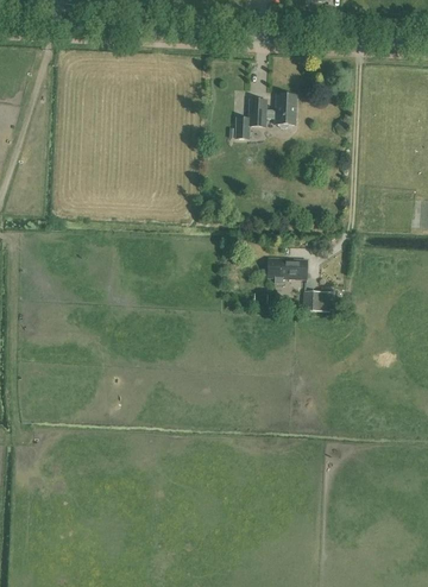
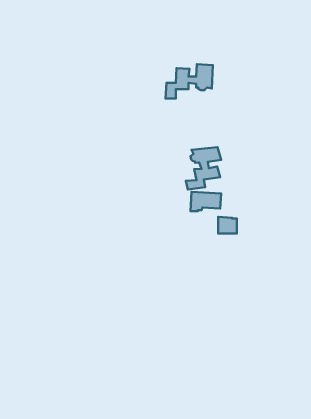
building: none -> [186,147,221,189]

